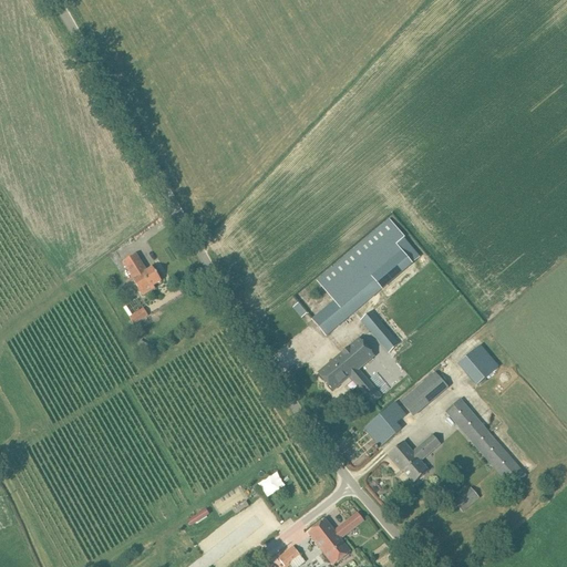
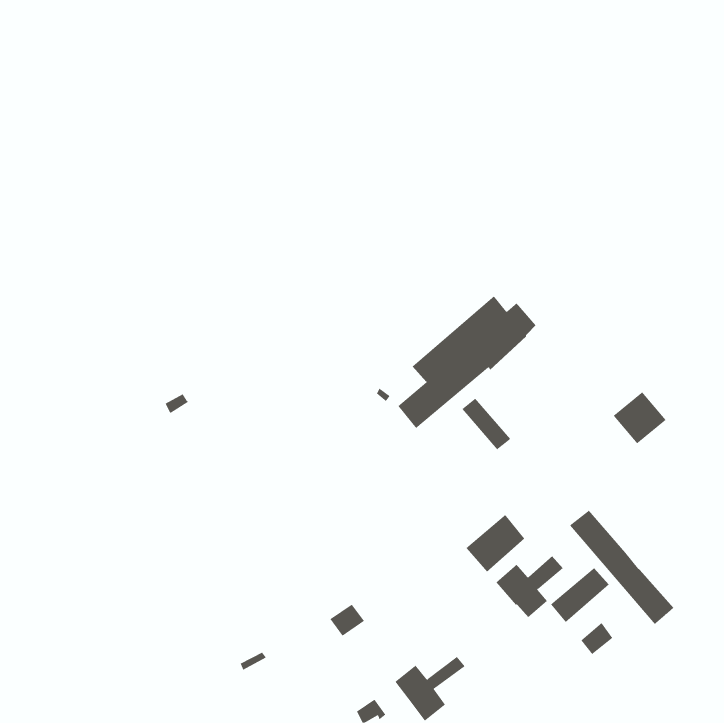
building: [118,254,159,293] -> none
building: [318,337,380,402] -> none
building: [456,343,498,384] -> [613,392,667,444]
building: [399,370,445,413] -> [550,567,610,623]

